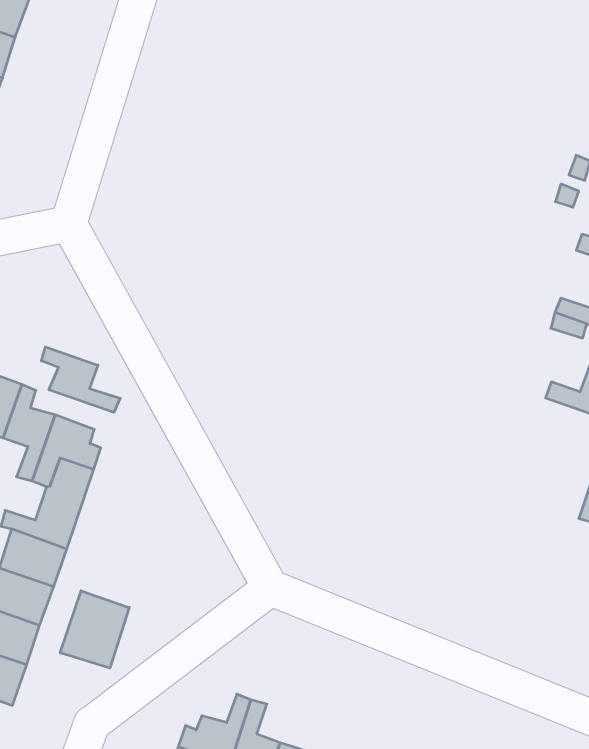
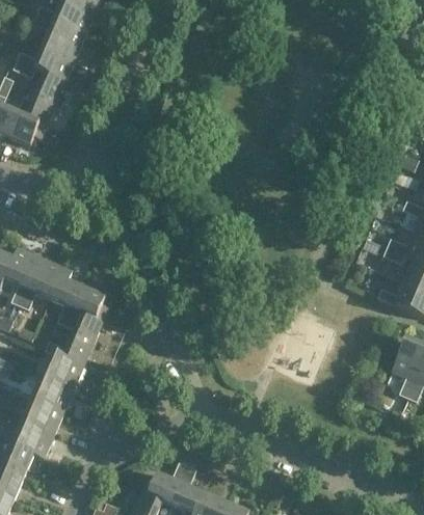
building: [41,347,120,412] -> none
building: [60,591,129,668] -> none

